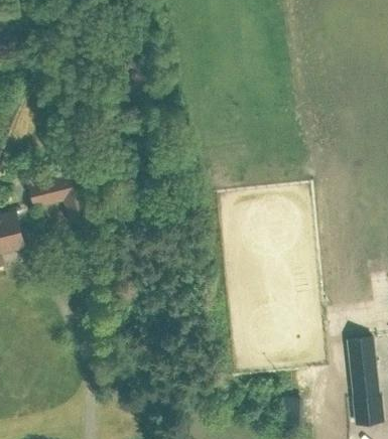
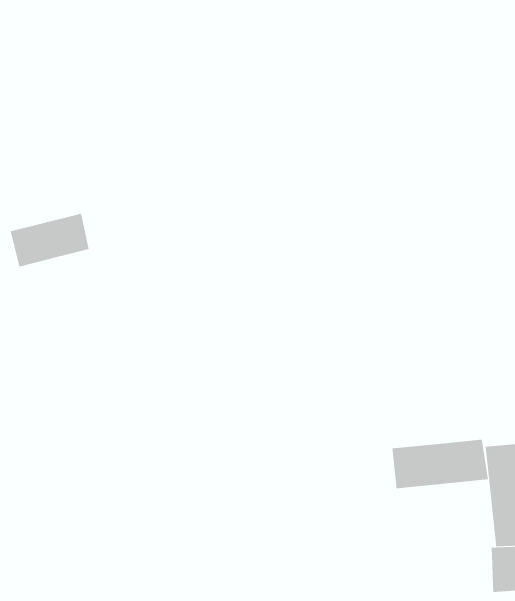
building: none -> [392,439,488,489]

